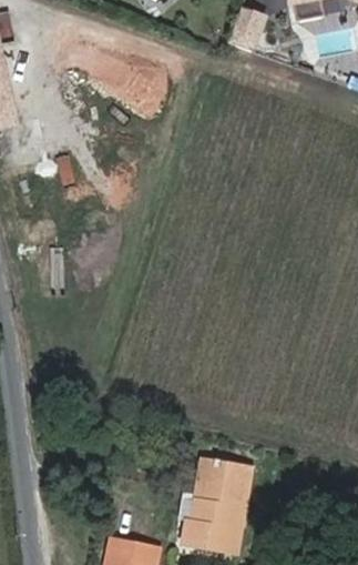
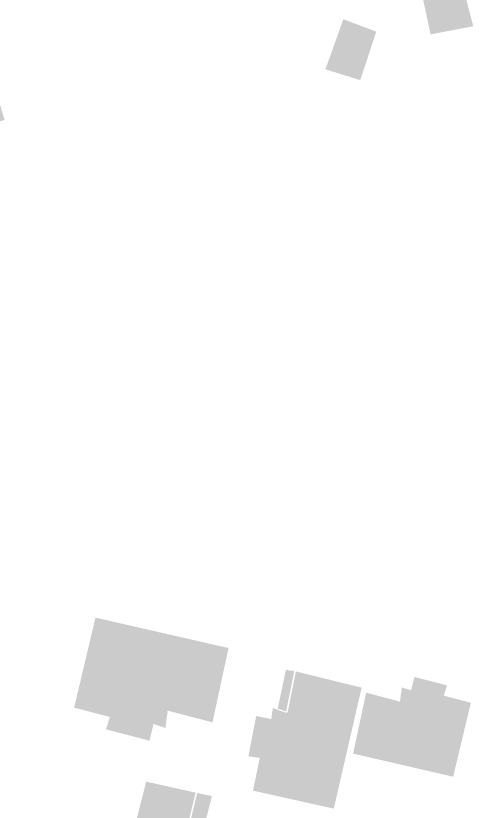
building: none -> [73,617,229,741]
building: none -> [352,676,472,777]

